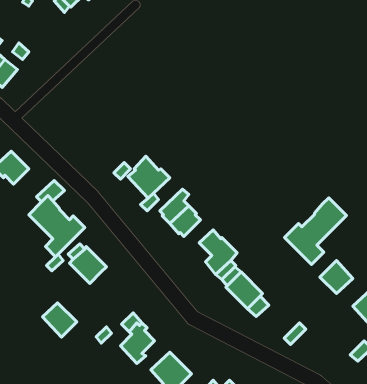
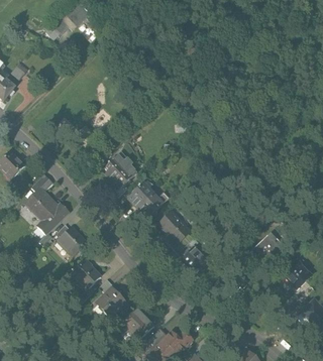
building: [284,198,346,265] -> none
building: [42,303,77,337] -> [73,260,100,287]

